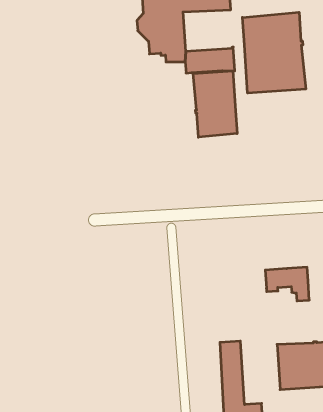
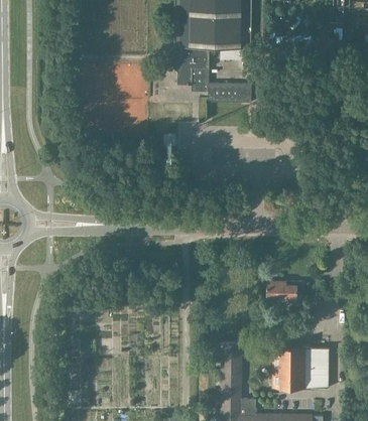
building: [242,12,306,93] -> none
building: [193,71,237,137] -> none

